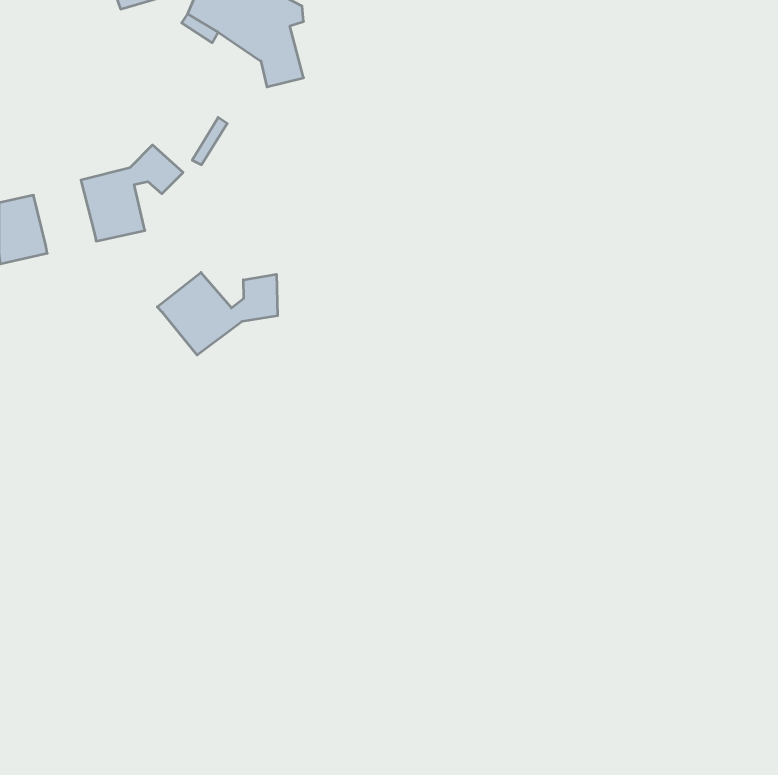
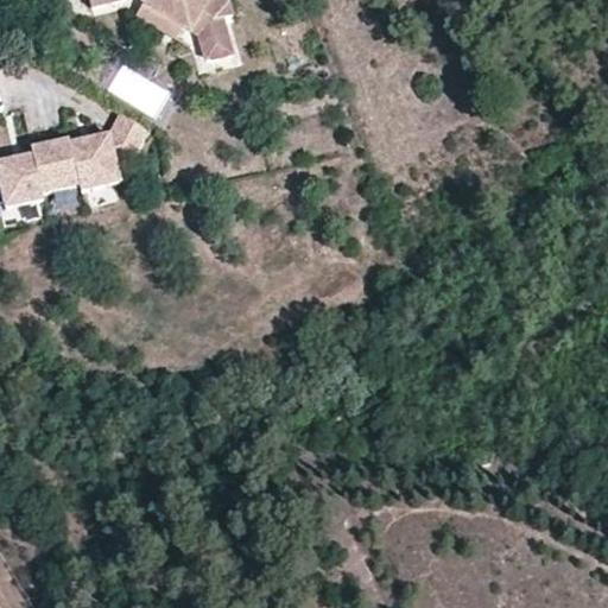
building: none -> [25,137,74,191]
building: [157,272,278,355] -> none

